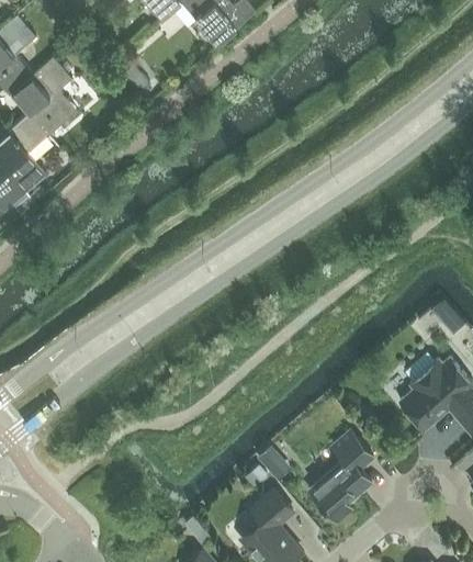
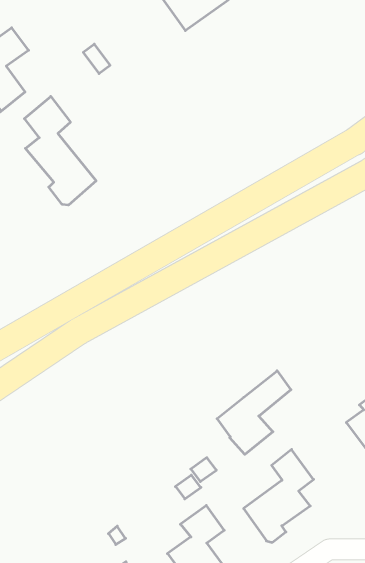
building: none -> [24,96,96,205]
building: none -> [217,371,291,454]

